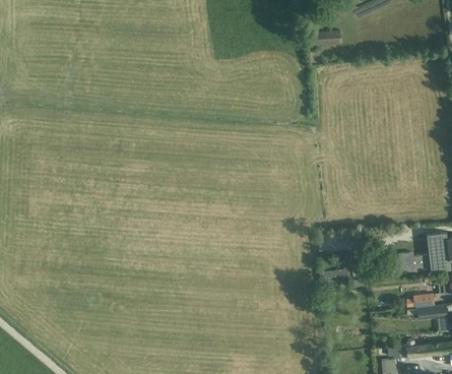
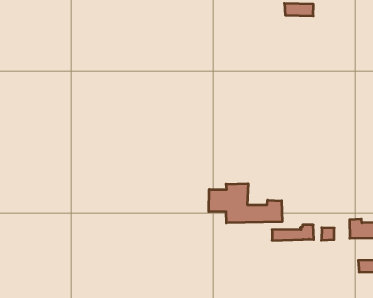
building: none -> [209,184,282,223]

